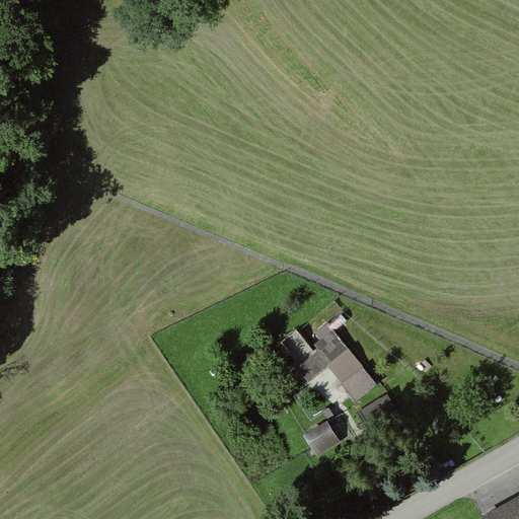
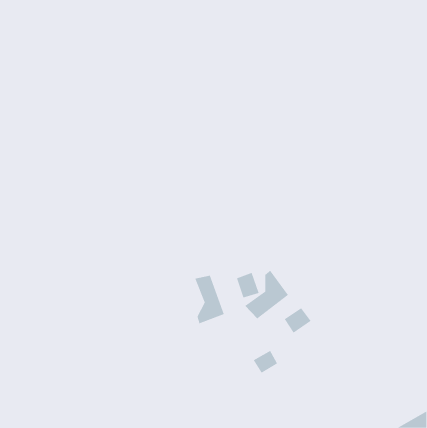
building: none -> [195,275,224,324]

